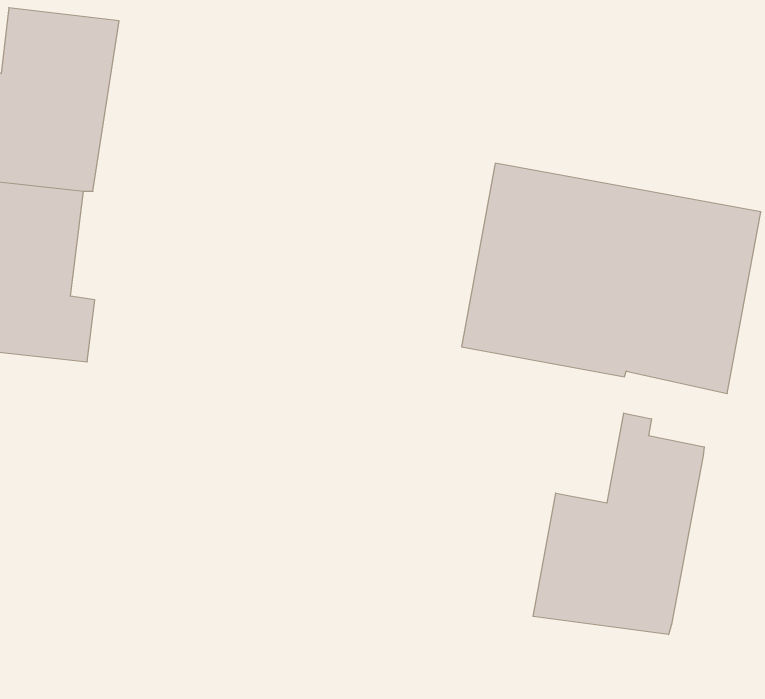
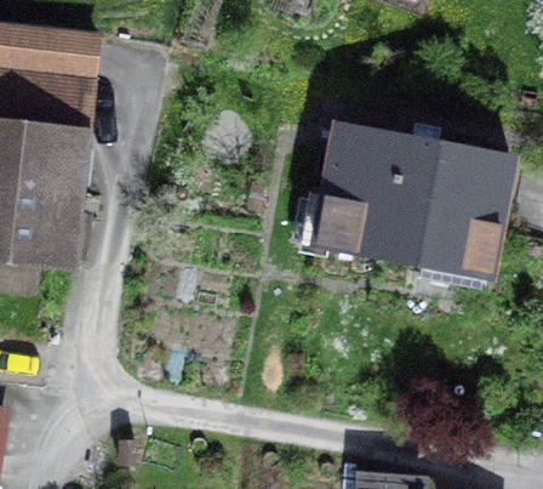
building: [533,413,704,635] -> none

